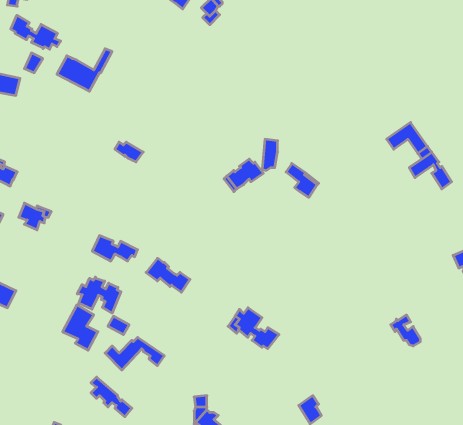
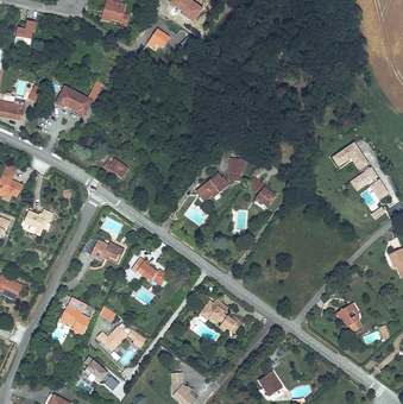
building: [11,15,61,49] -> none
building: [77,277,121,313] -> none

